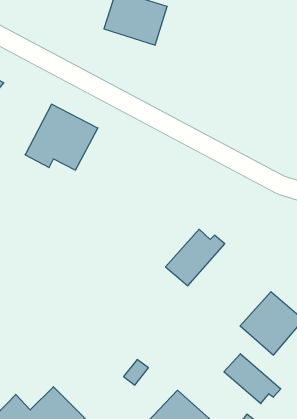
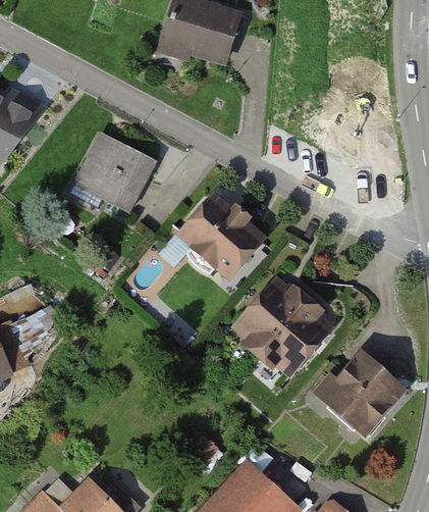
building: none -> [180,200,260,276]
building: none -> [262,300,327,373]
building: [224,354,281,404] -> none

